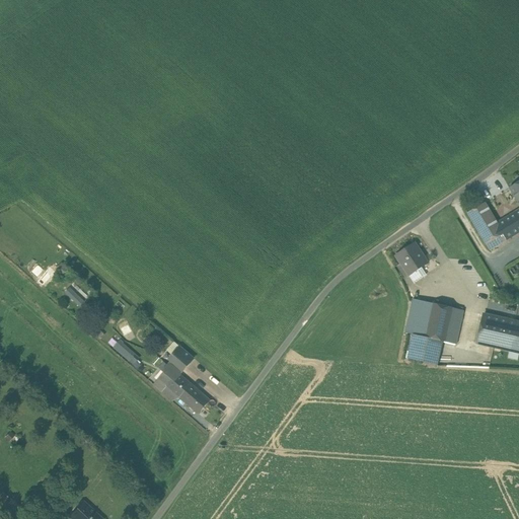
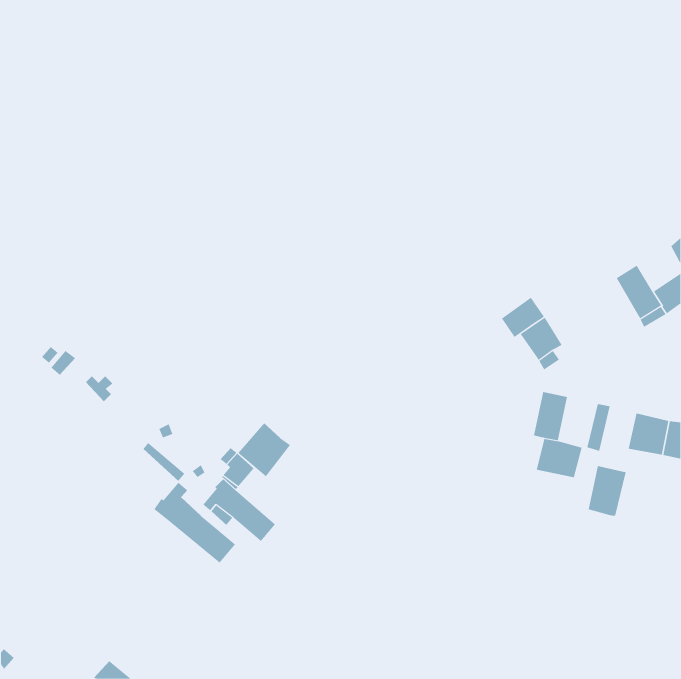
building: none -> [501,297,545,338]
building: [425,302,454,341] -> [588,465,627,516]
building: none -> [238,423,291,477]
building: none -> [153,482,236,564]

